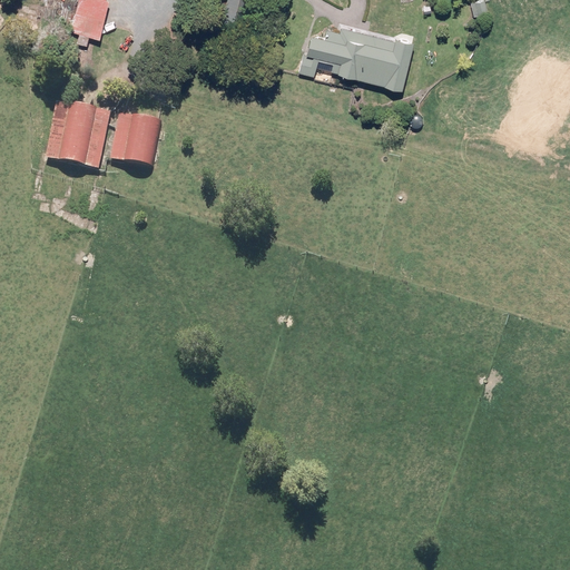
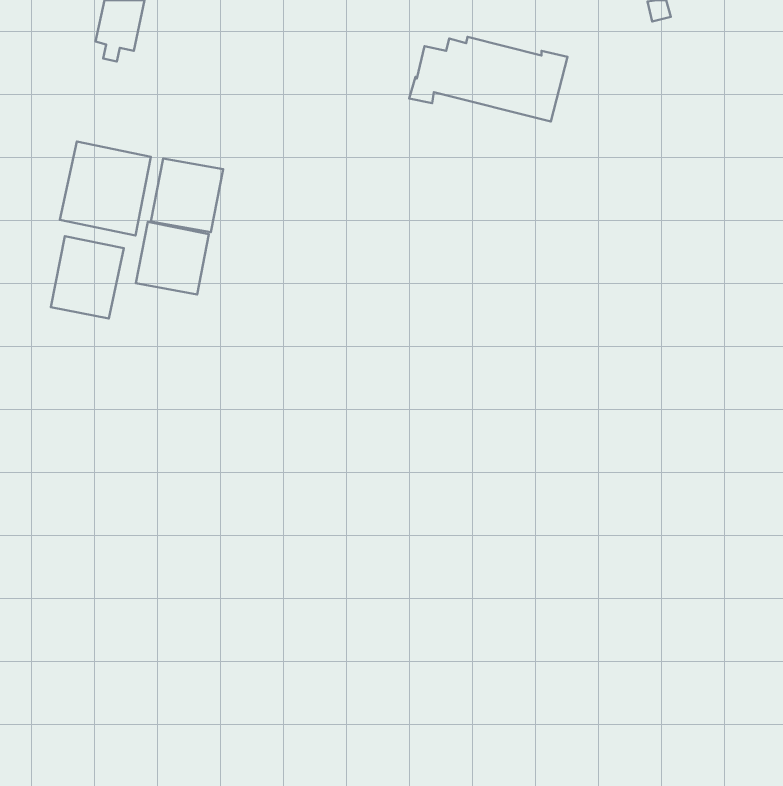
building: none -> [136,222,209,294]
building: none -> [51,236,124,319]

